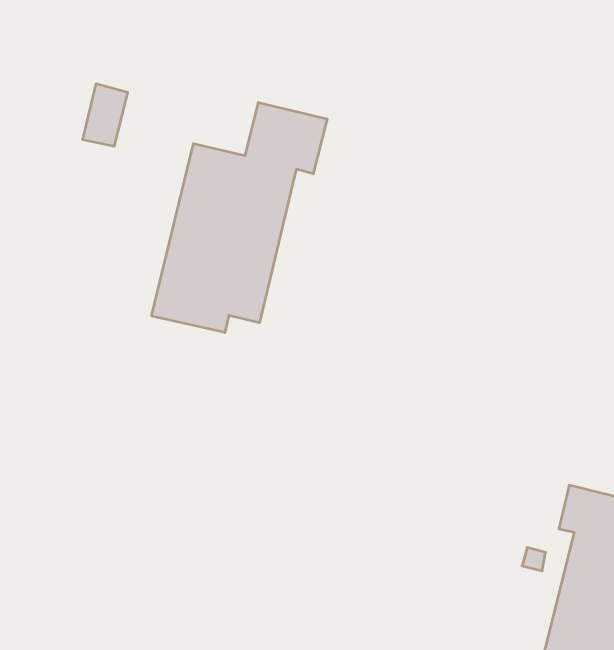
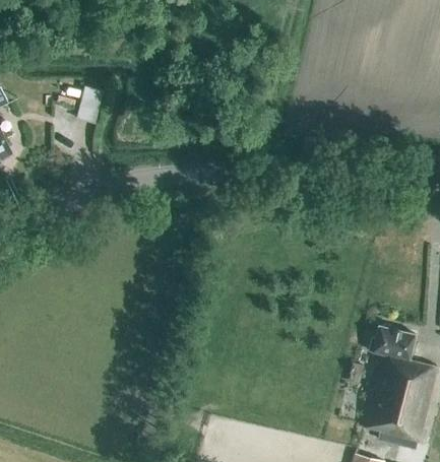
building: [152,102,327,333] -> none

